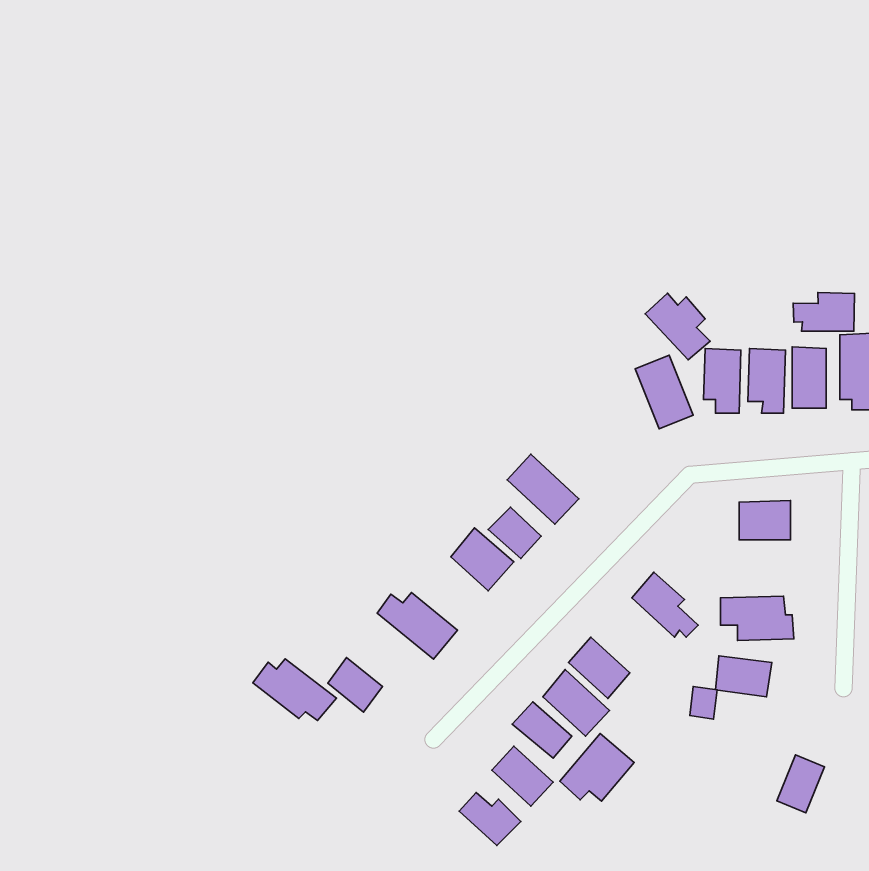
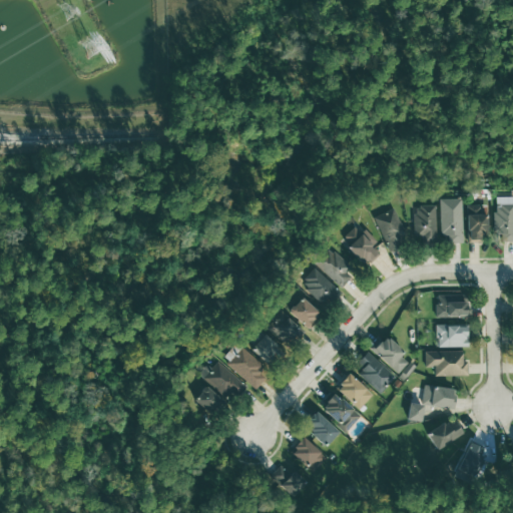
building: [793,293,855,331] -> none
building: [645,293,710,360] -> [342,226,380,266]
building: none -> [314,246,356,289]
building: none -> [436,325,468,347]
building: none -> [251,334,285,366]
building: none -> [357,351,395,393]
building: [253,659,336,720] -> [199,362,248,398]
building: none -> [426,420,463,450]
building: [560,734,634,801] -> none

